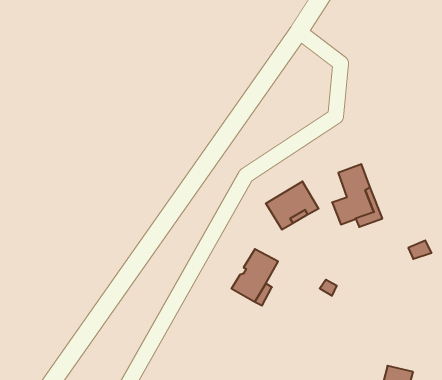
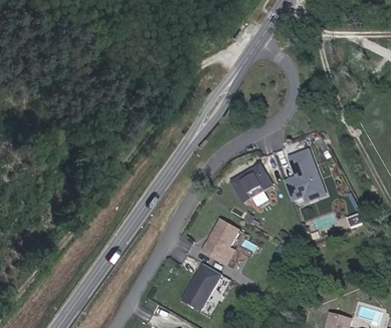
building: none -> [181,263,221,311]

